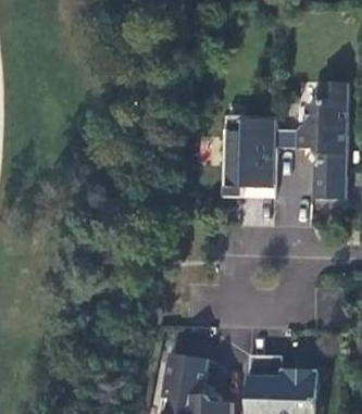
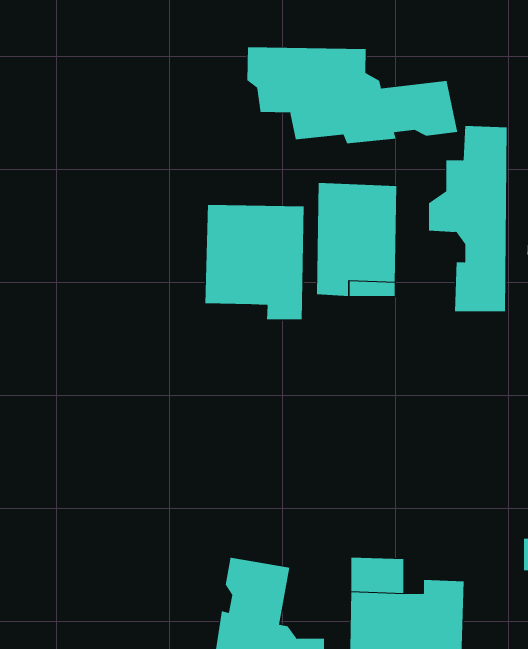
building: none -> [247,47,458,144]
building: none -> [205,204,304,320]

